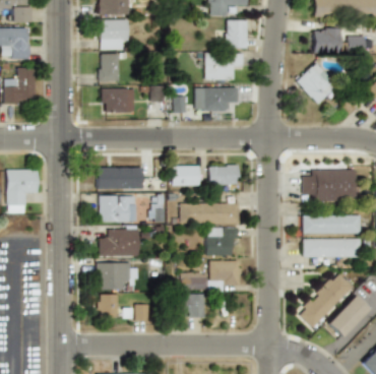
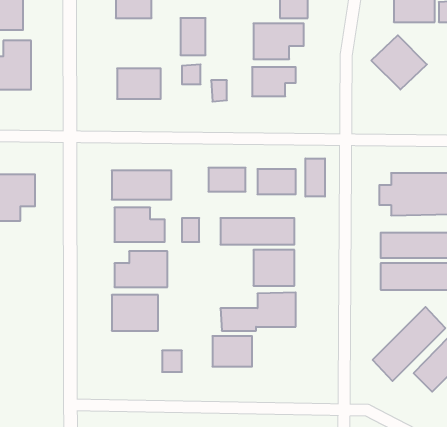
building: [99,54,118,82] -> [180,18,206,55]
building: none -> [305,158,325,197]
building: [98,294,118,318] -> none

